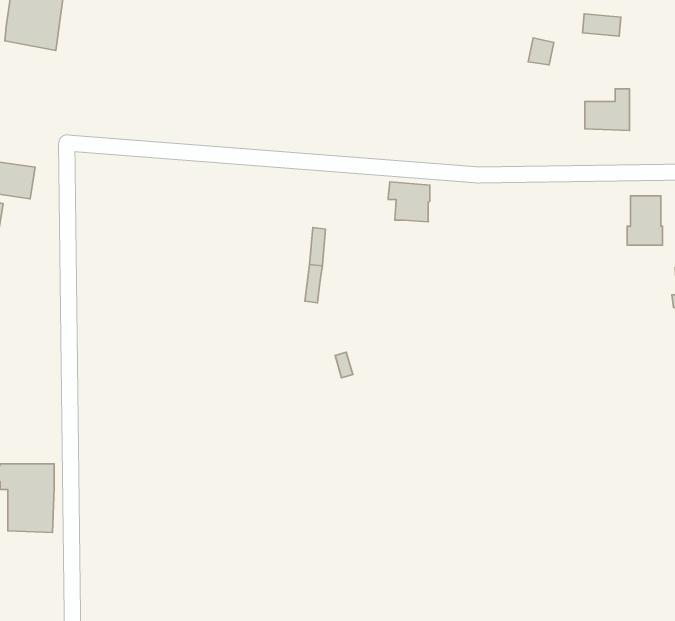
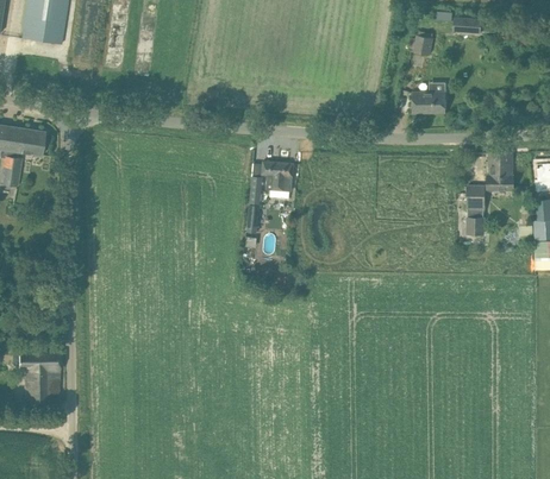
building: [585,89,630,130] -> [412,82,445,113]
building: [388,182,430,222] -> [262,160,293,190]
building: none -> [467,185,485,233]

